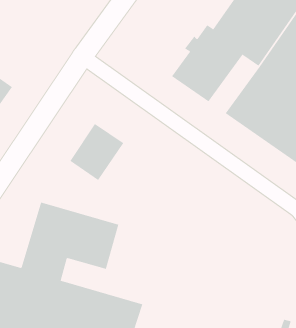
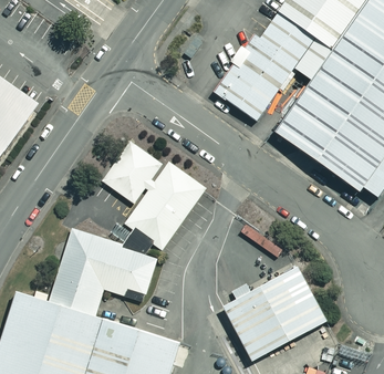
building: none -> [127,162,207,247]
building: none -> [219,264,323,357]

